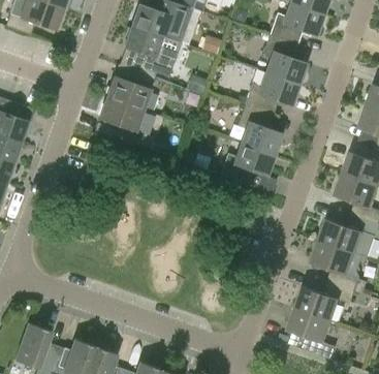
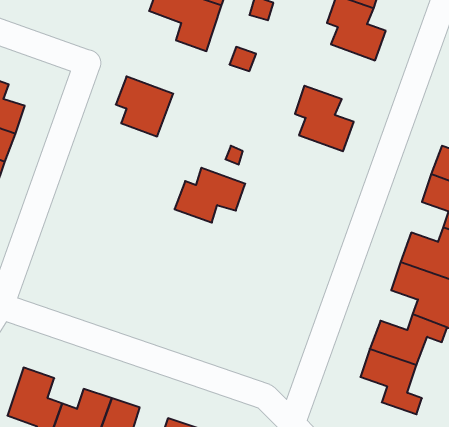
building: [107,66,155,111] -> none
building: [238,72,299,115] -> none
building: [220,143,275,185] -> [174,168,245,223]

